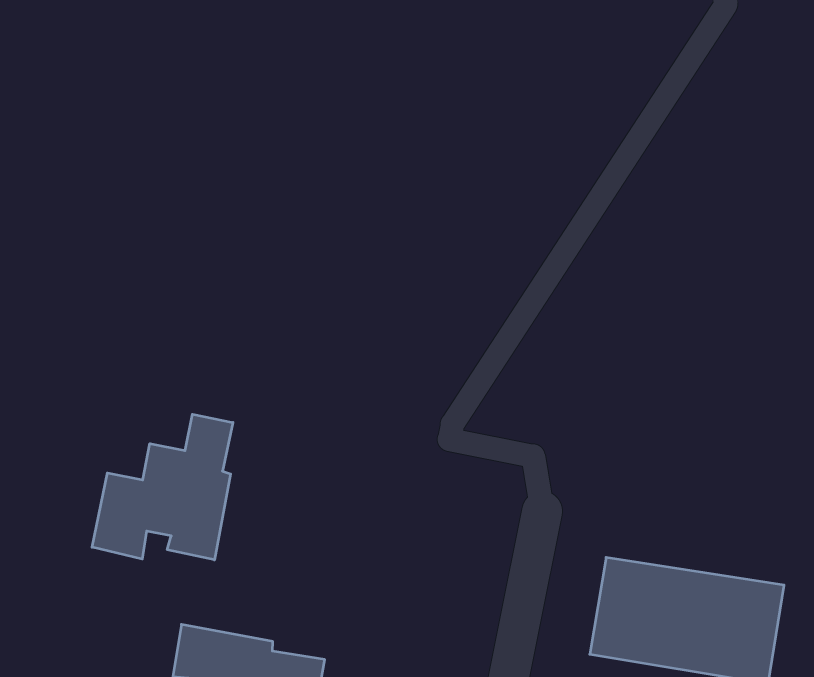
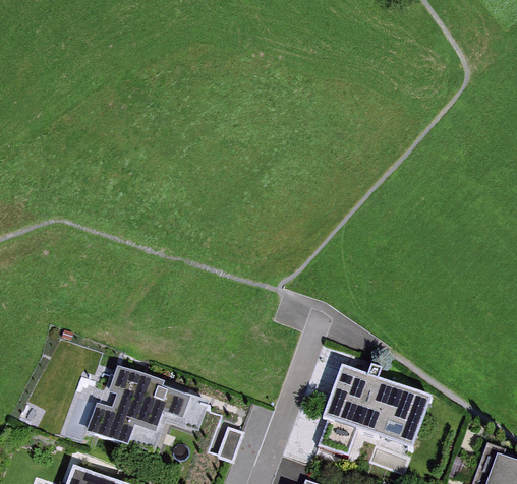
building: [92,414,233,560] -> none

